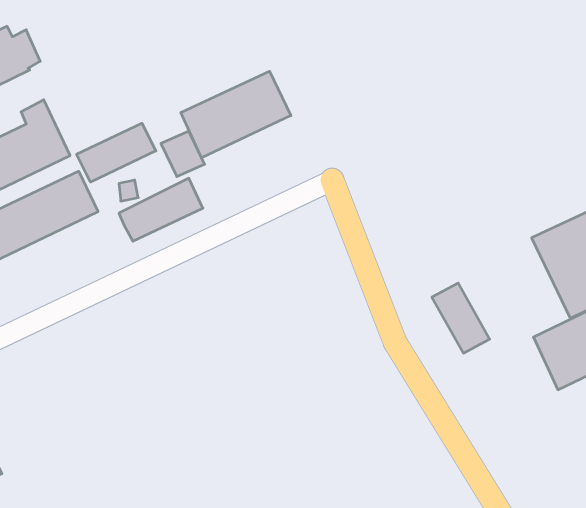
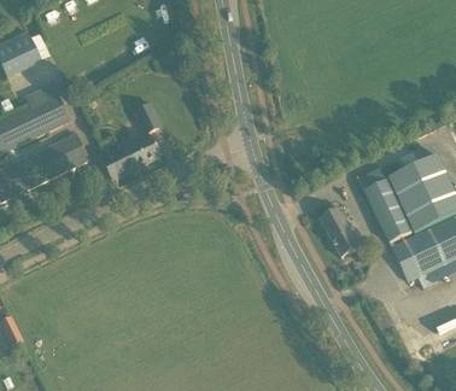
building: [181,71,291,158] -> none
building: [77,123,156,182] -> none
building: none -> [358,167,413,243]

